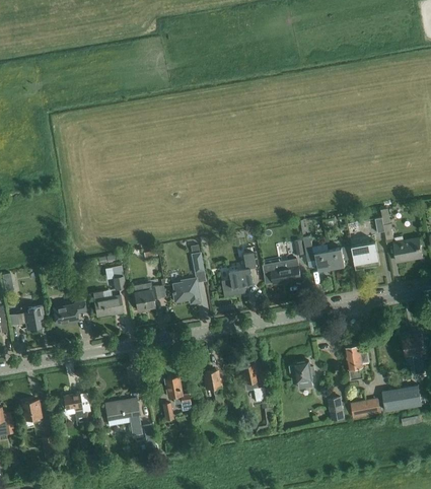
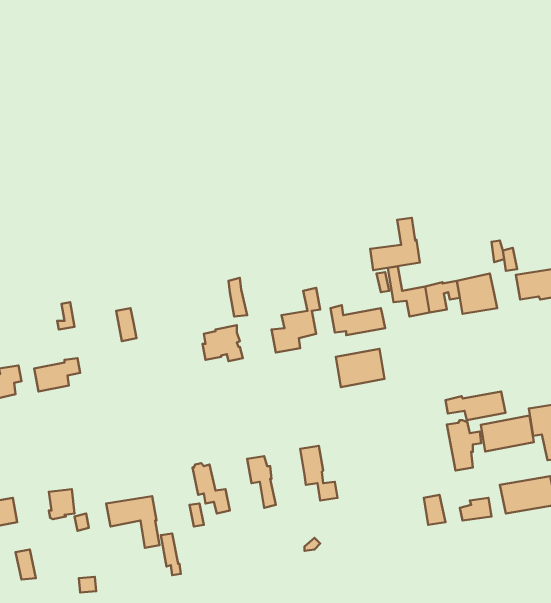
building: none -> [370,218,420,270]
building: [133,284,159,309] -> none
building: [93,291,123,315] -> none
building: none -> [336,349,384,387]
building: none -> [446,391,505,420]
building: none -> [481,416,534,451]
building: [289,361,313,390] -> none

